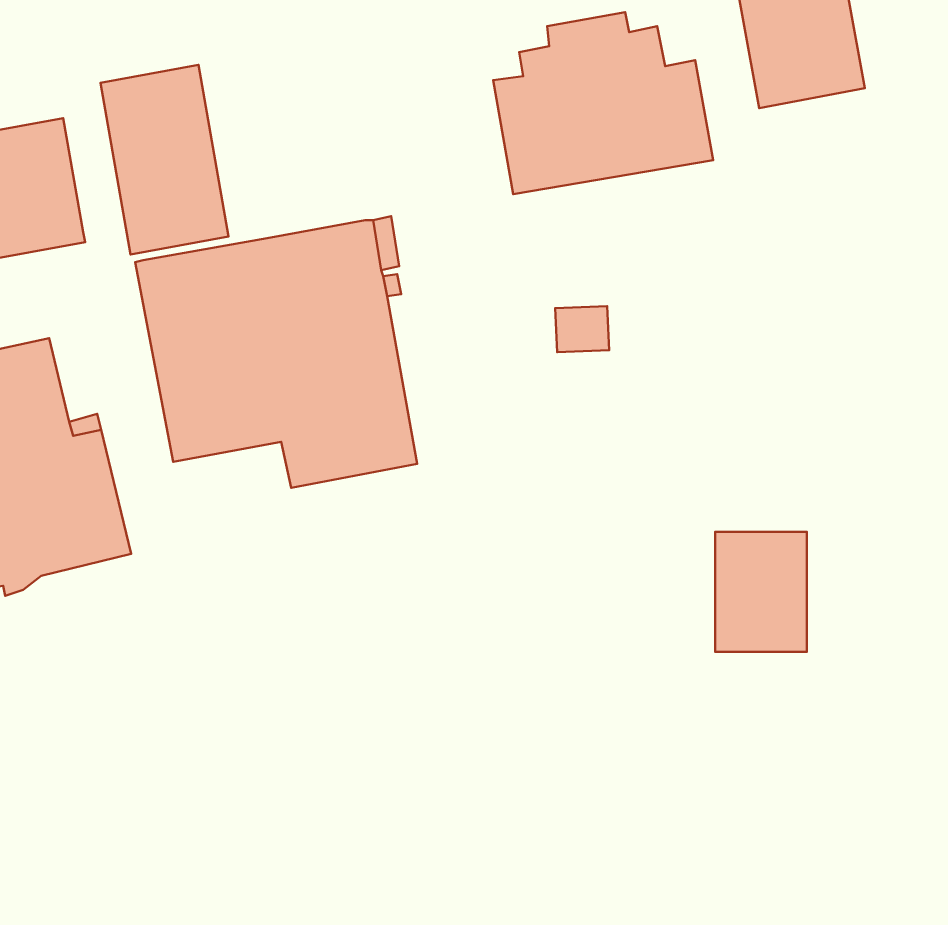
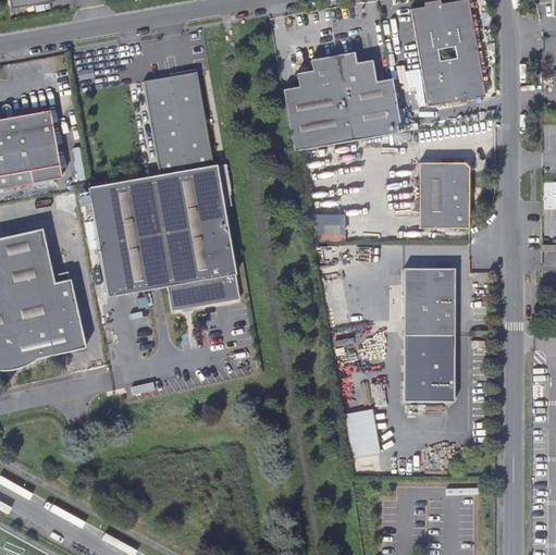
building: [101,65,228,255] -> [144,71,213,174]
building: none -> [419,162,469,227]
building: none -> [404,268,455,334]
building: none -> [348,407,380,455]

